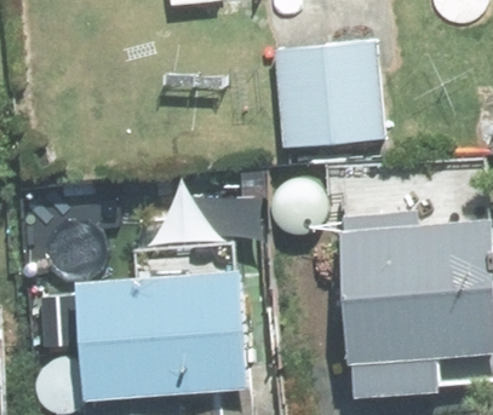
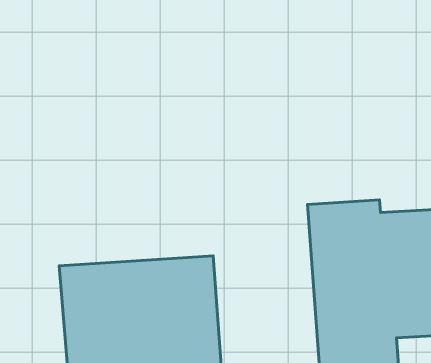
building: [270,45,376,145] -> none

